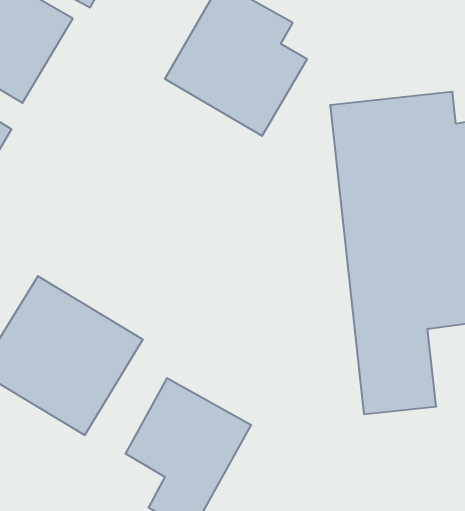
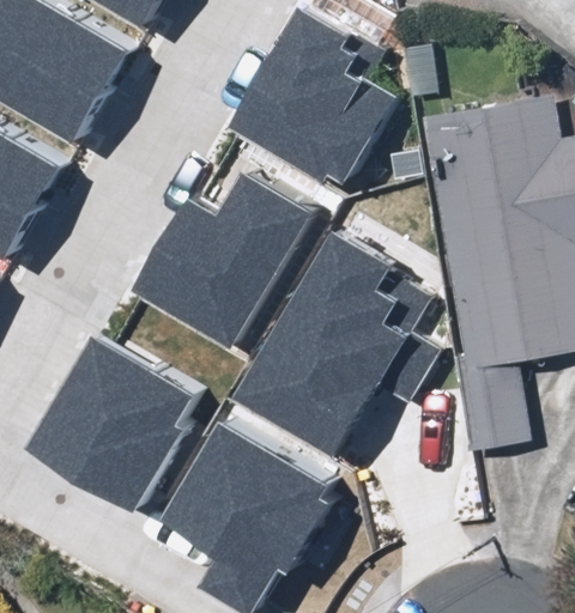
building: none -> [135,169,308,340]
building: none -> [244,254,430,449]

